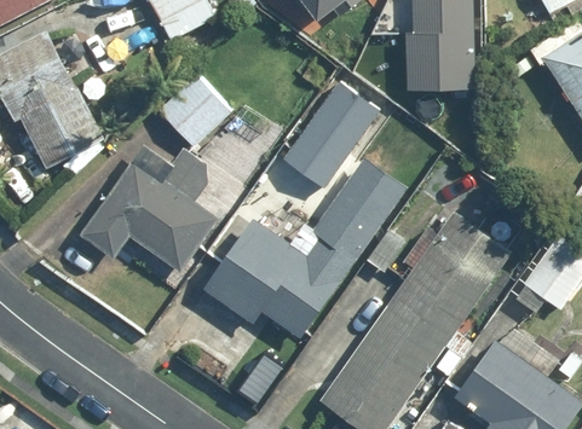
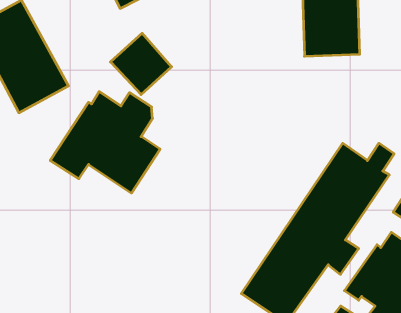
building: [284,82,380,189] -> none
building: [200,161,405,338] -> none

